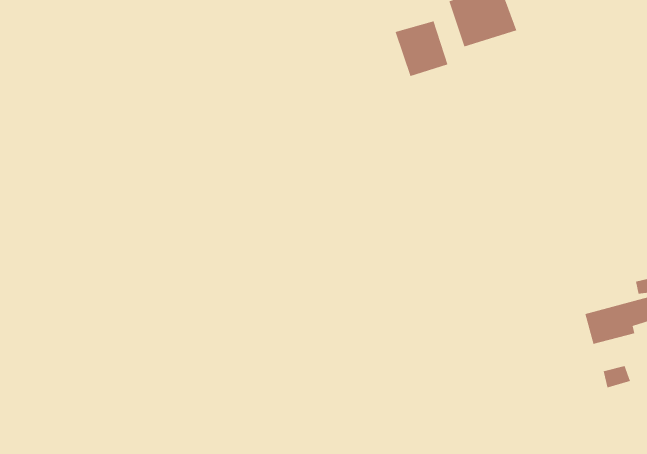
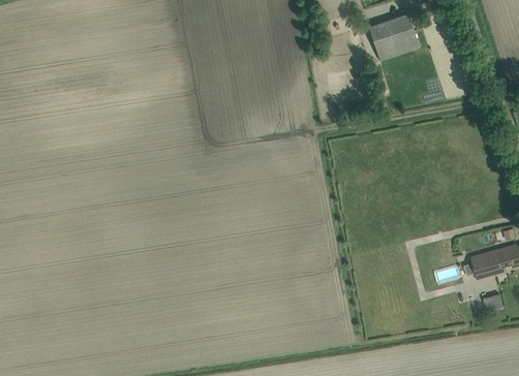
building: [395,20,448,77] -> none

